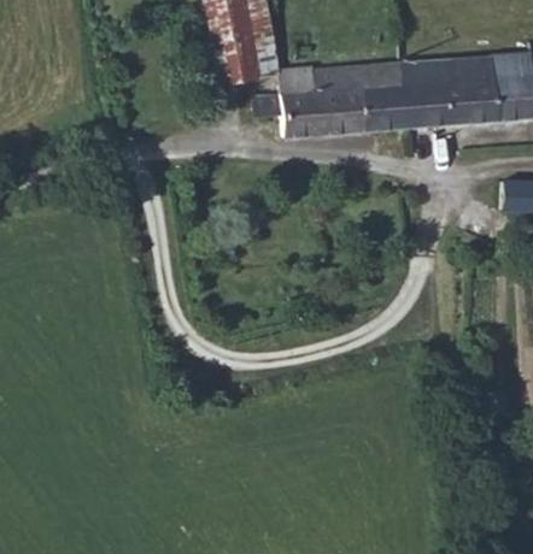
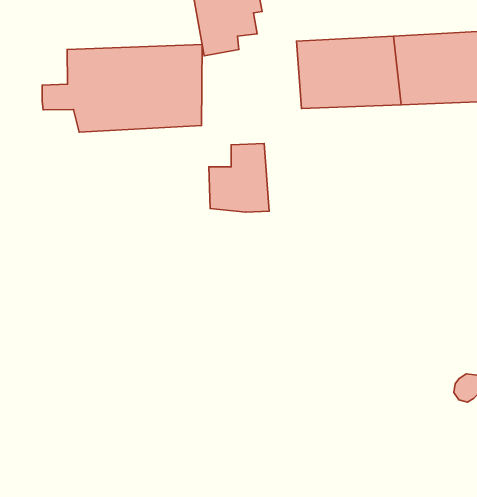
building: [257,65,316,132] -> [209,143,269,212]
building: none -> [42,44,202,132]

